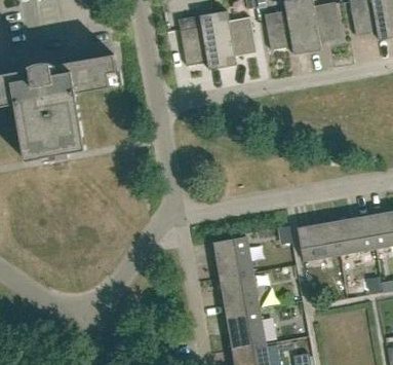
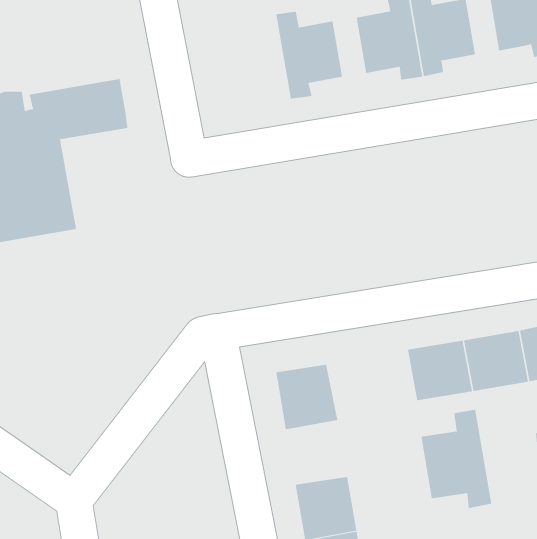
building: [179,12,222,70] -> none
building: none -> [421,409,492,509]
building: [219,272,259,314] -> none

